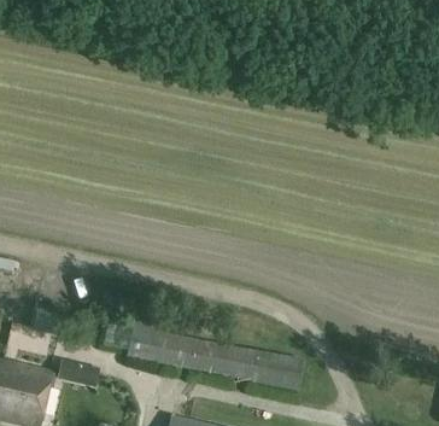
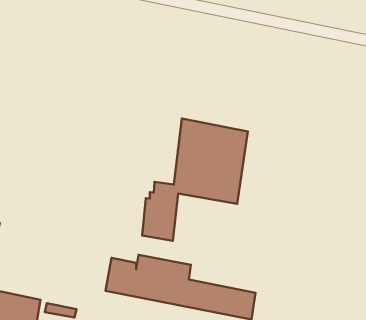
building: none -> [142,119,248,241]

